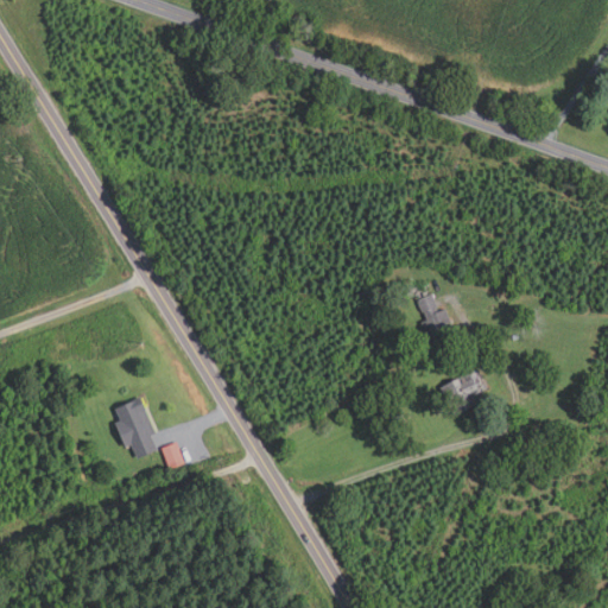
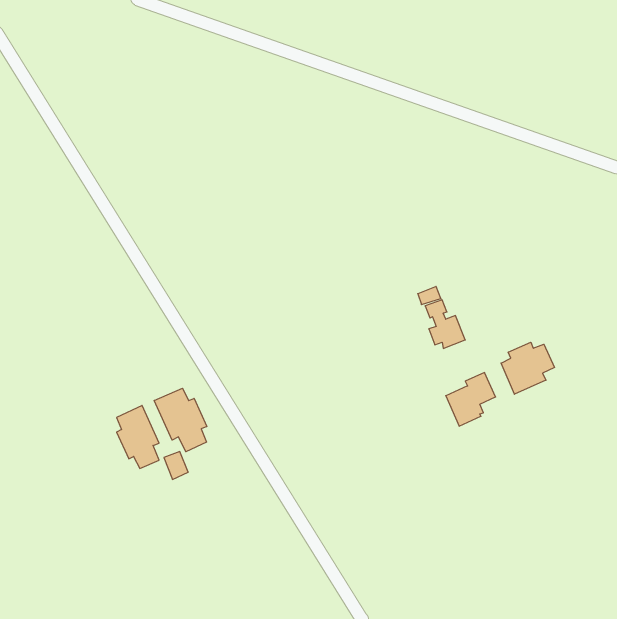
building: none -> [501,342,554,394]
building: none -> [154,388,207,452]

